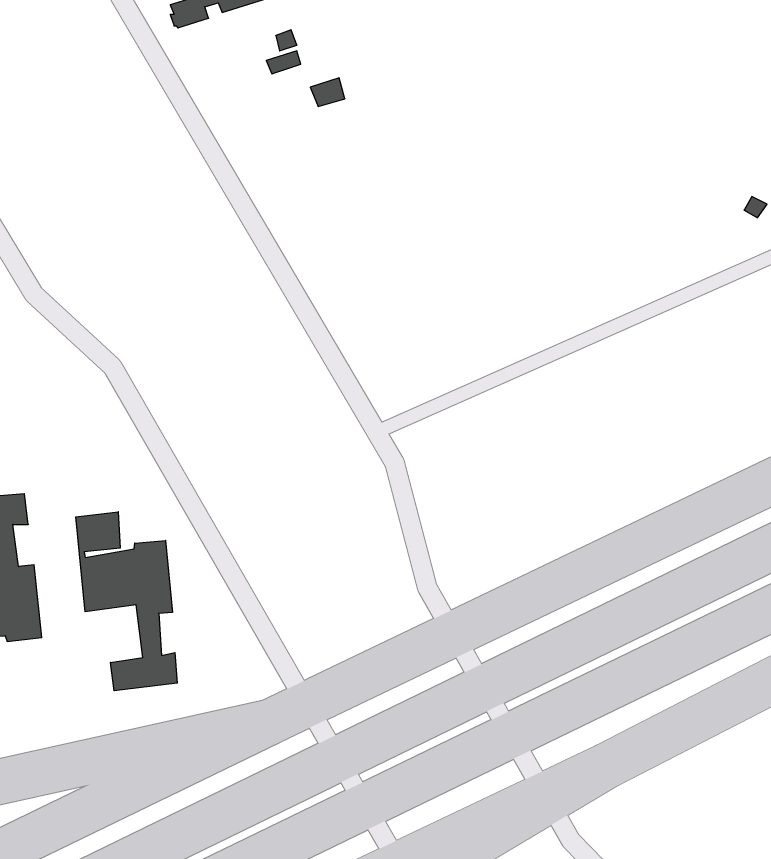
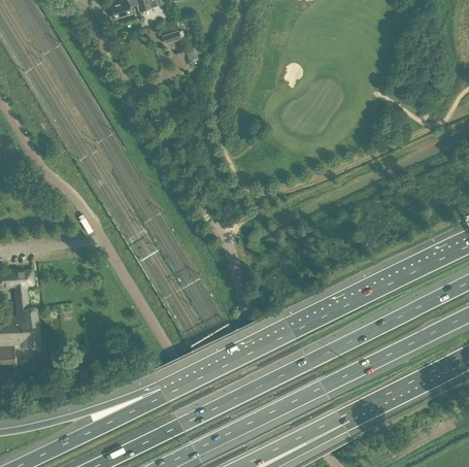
building: [76,512,177,691] -> none

